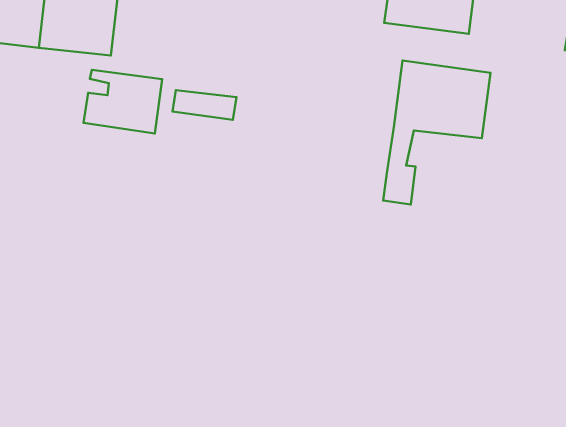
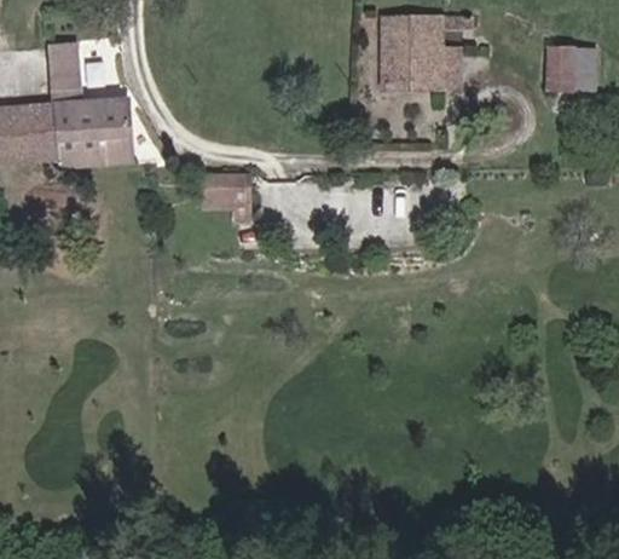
building: [383,60,490,204] -> none
building: [84,70,162,134] -> none

